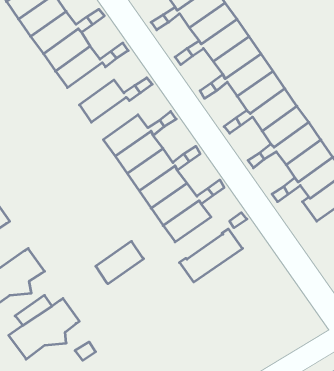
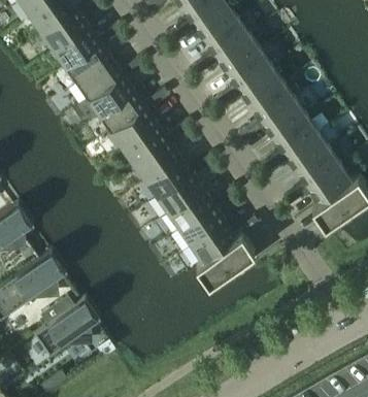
building: none -> [91,79,135,120]
building: none -> [113,112,158,153]
building: [96,241,144,284] -> [193,226,238,266]

